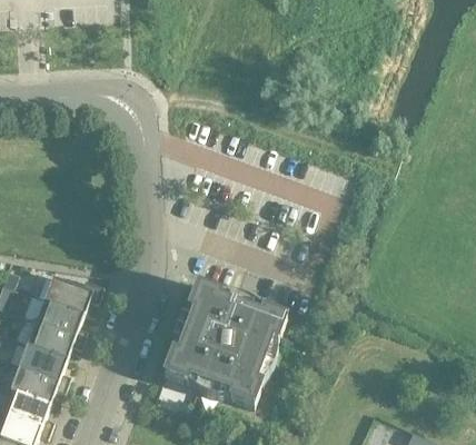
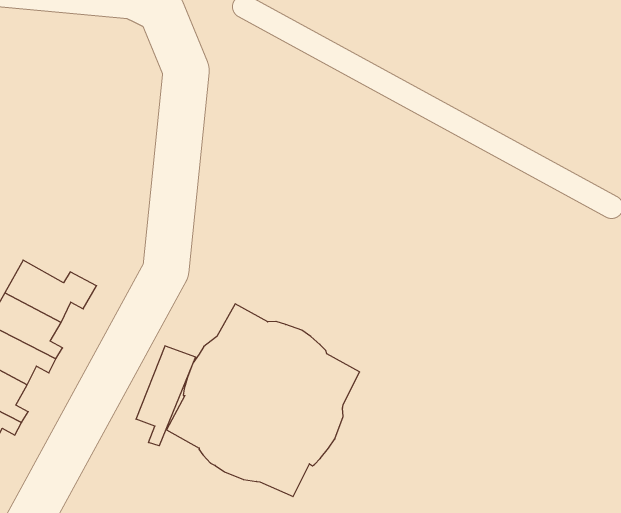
building: none -> [136,346,196,446]

